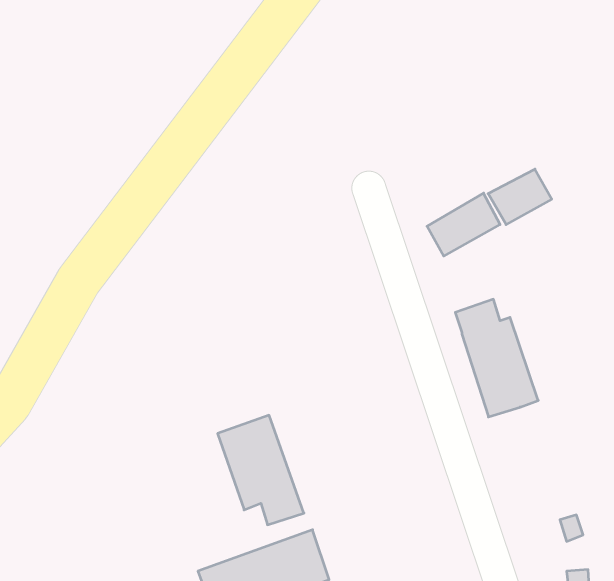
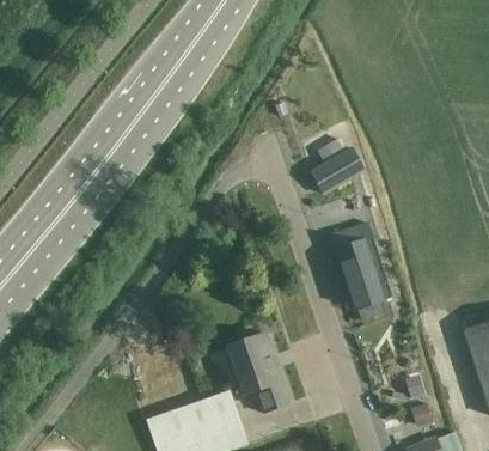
building: [488,169,552,225] -> none
building: [218,415,304,525] -> [227,333,289,412]

